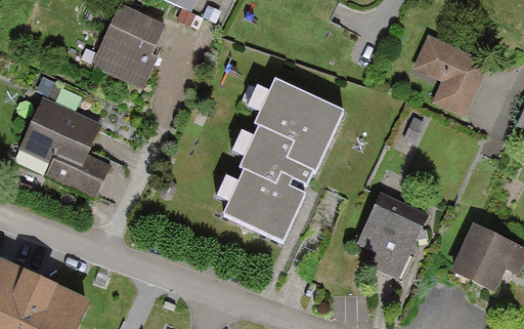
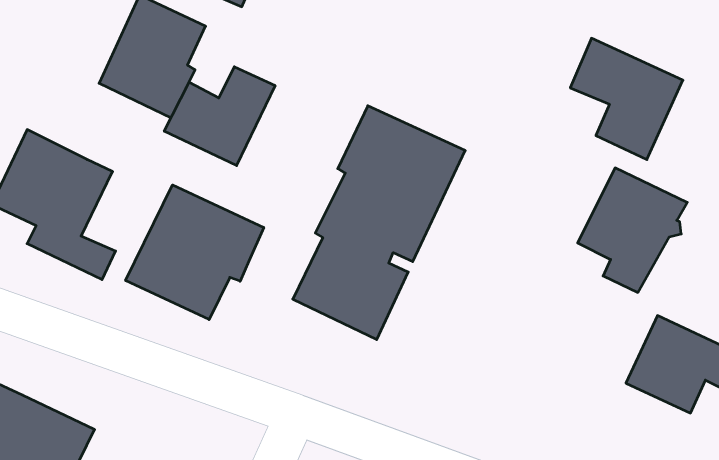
building: none -> [164,67,275,166]
building: none -> [126,185,264,320]
building: [355,191,430,276] -> [578,168,687,292]

